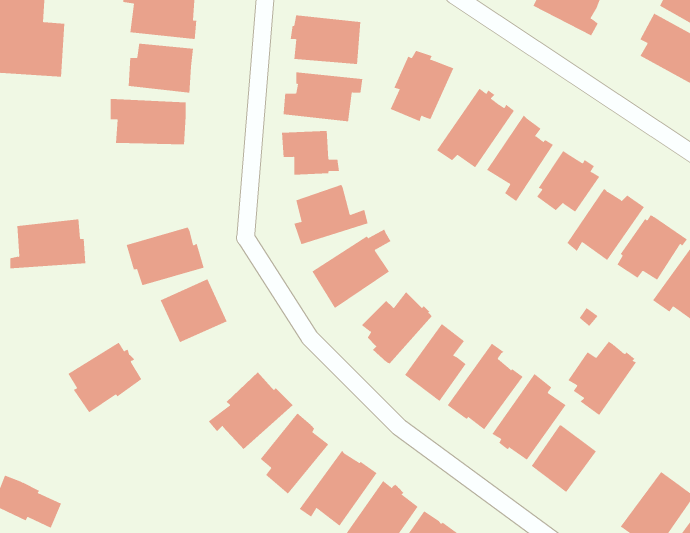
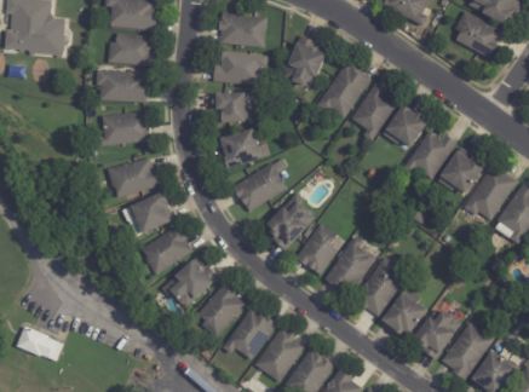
building: [9,219,86,269] -> [98,110,150,144]
building: [567,341,637,416] -> [414,307,461,358]
building: [67,342,142,413] -> [143,226,194,275]

